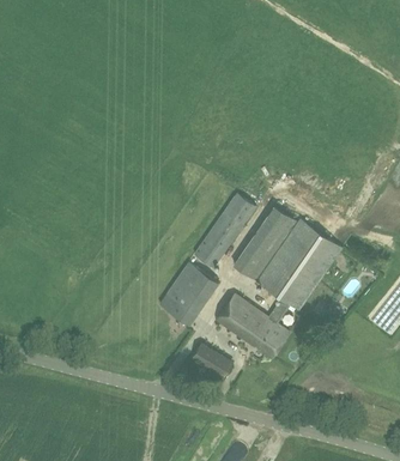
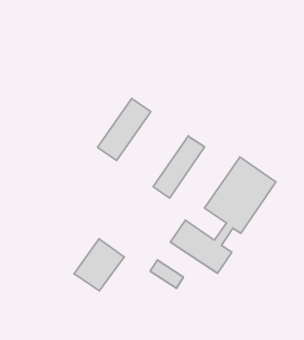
building: [232,206,296,280] -> [98,98,151,161]
building: [158,262,218,324] -> [74,239,124,291]

